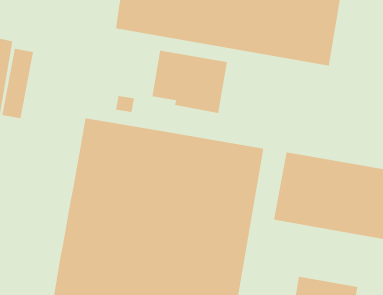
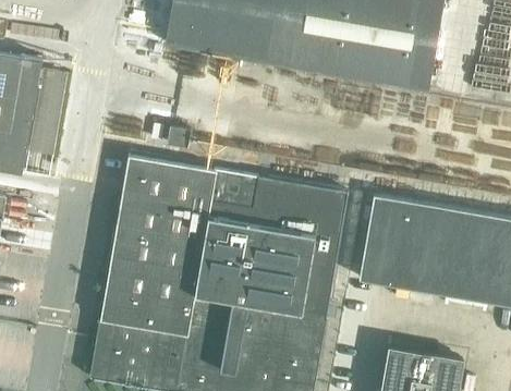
building: [152,50,228,114] -> none

